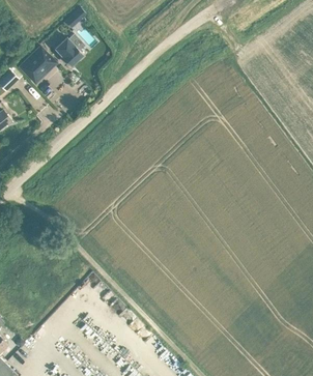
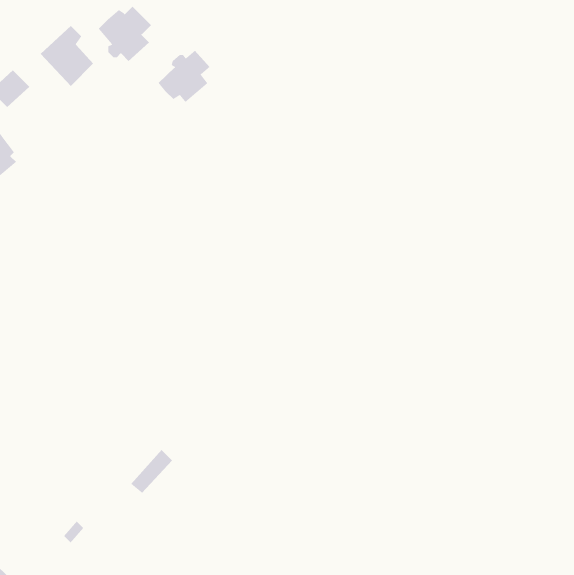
building: none -> [158,50,211,103]

